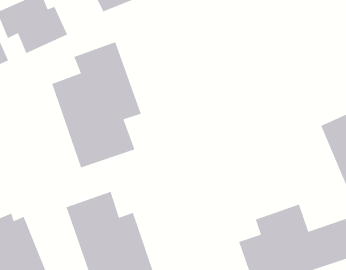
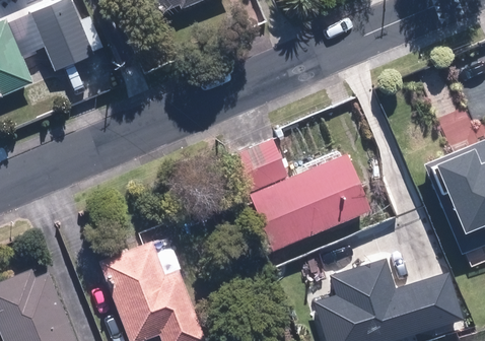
building: [51,41,142,169] -> none
building: none -> [233,138,377,253]

